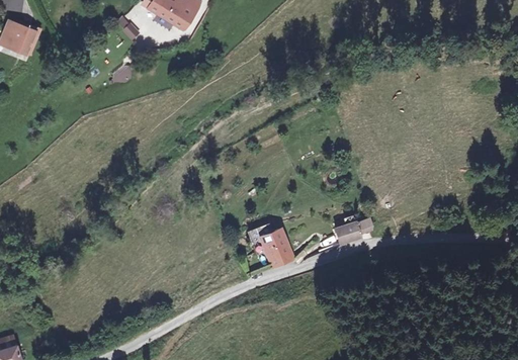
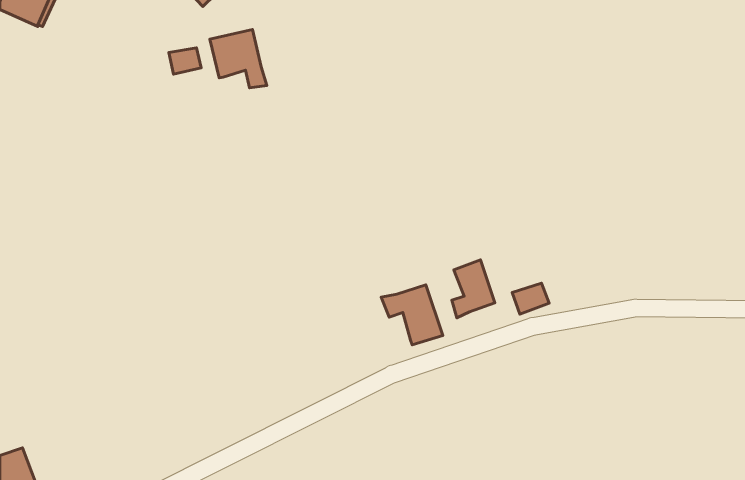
building: none -> [210,30,267,88]
building: none -> [452,260,495,318]

